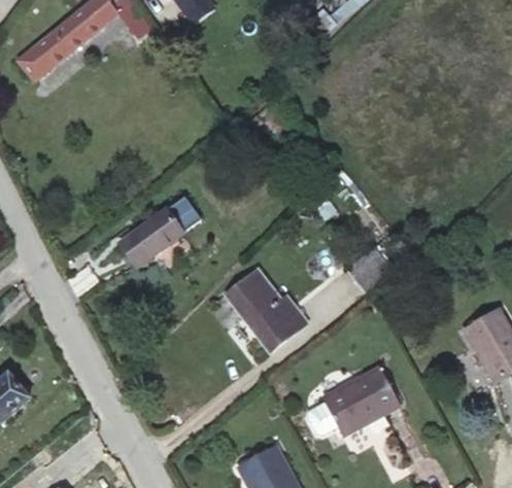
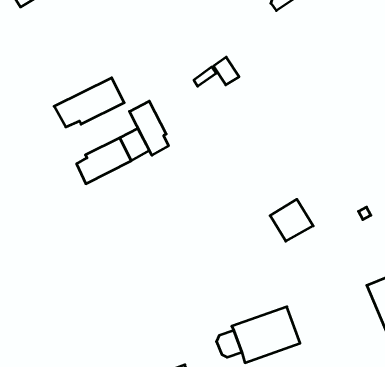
building: none -> [54,78,124,127]
building: none -> [129,101,168,155]
building: [224,269,308,352] -> none

